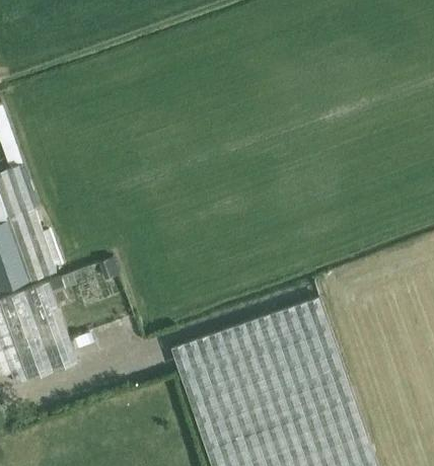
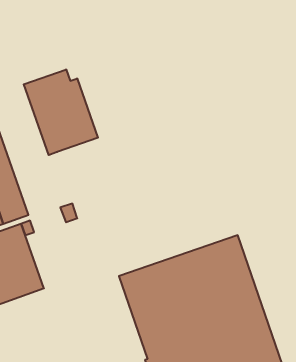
building: none -> [24,69,98,155]

